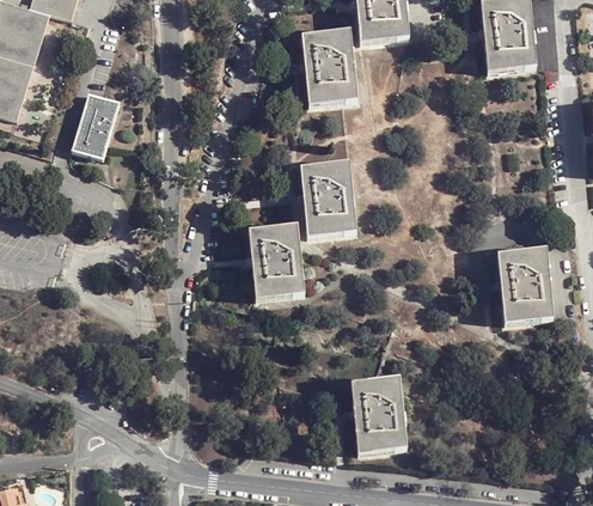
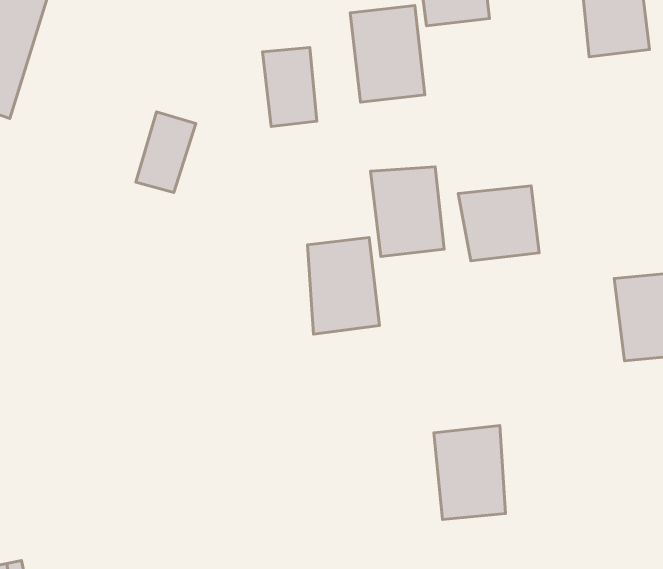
building: none -> [263,47,317,126]
building: [72,95,121,160] -> [136,112,196,193]
building: none -> [458,186,539,261]

